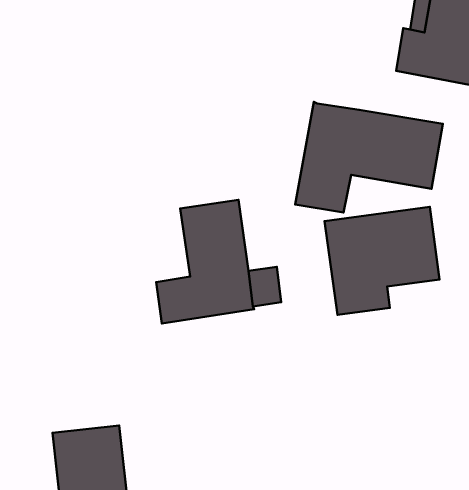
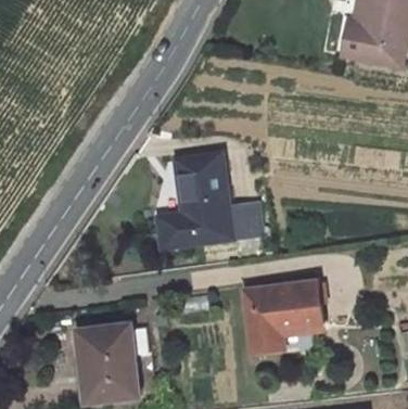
building: [295,102,443,213] -> none
building: [325,207,440,315] -> [239,277,327,359]

